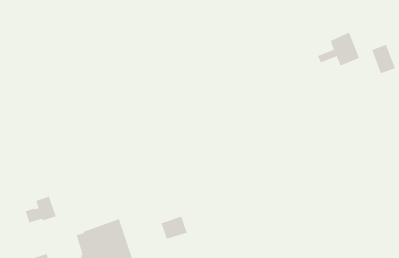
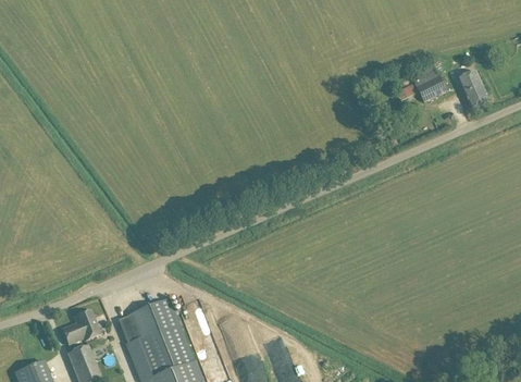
building: [25,196,57,223] -> [62,308,100,342]
building: [161,216,188,239] -> none

